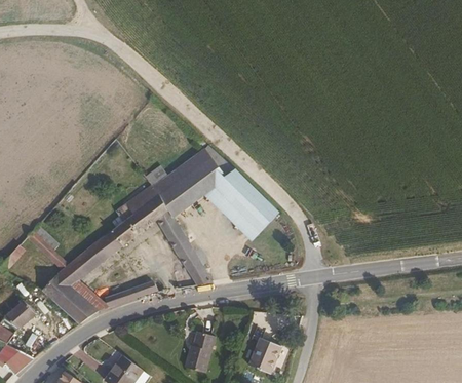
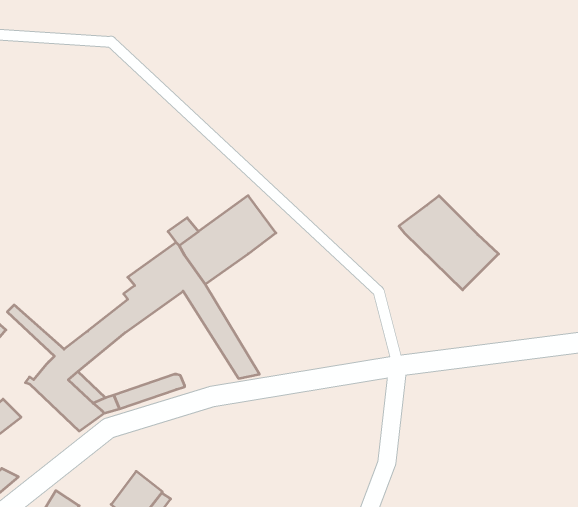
building: [204,170,278,240] -> [399,196,499,290]
building: [186,332,216,372] -> none
building: [249,339,282,375] -> none

